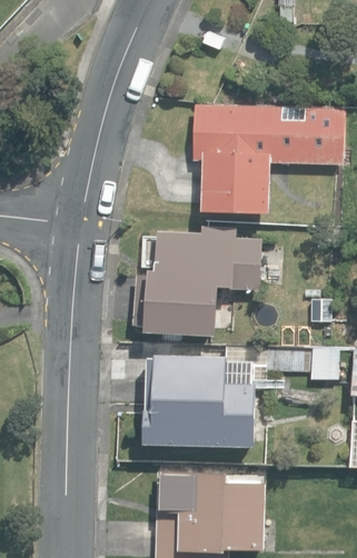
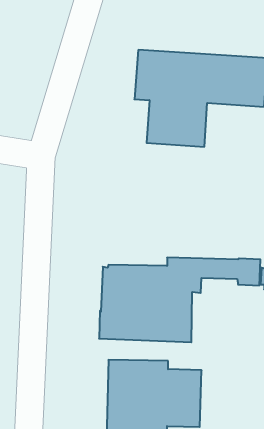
building: [133,227,261,337] -> none

